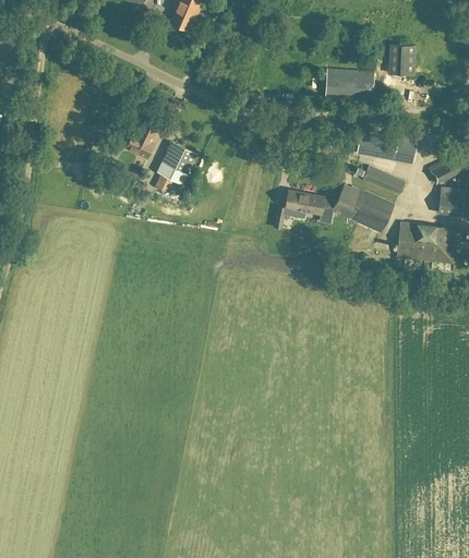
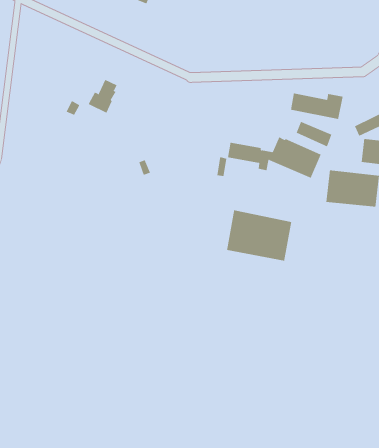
building: [389,44,414,74] -> none
building: [324,69,373,99] -> none
building: [155,143,196,191] -> none
building: none -> [226,210,292,261]

